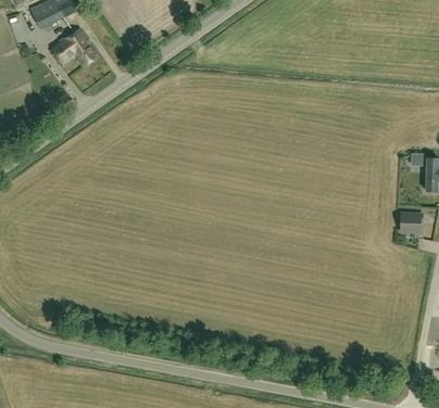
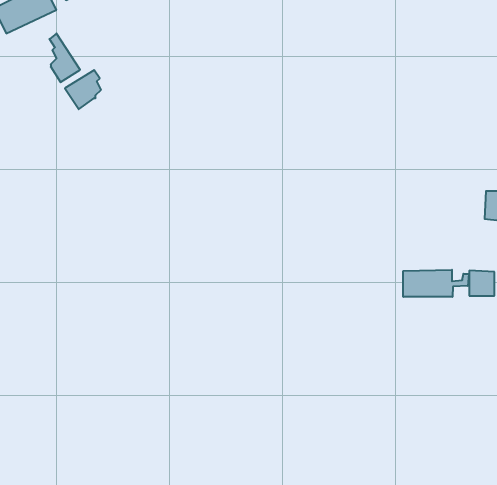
building: [50,34,78,64] -> [65,70,101,109]
building: none -> [403,270,469,297]

